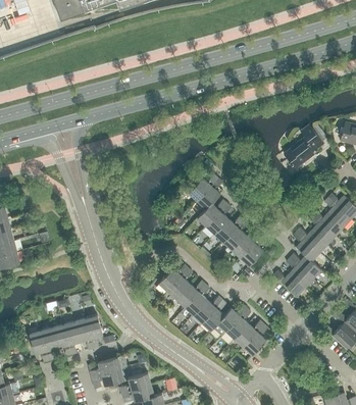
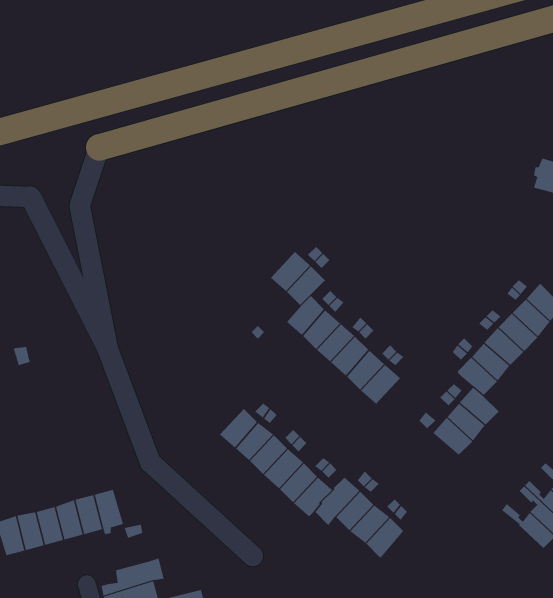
building: [284,124,324,168] -> none

